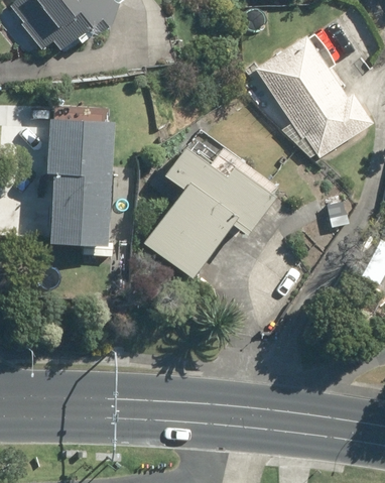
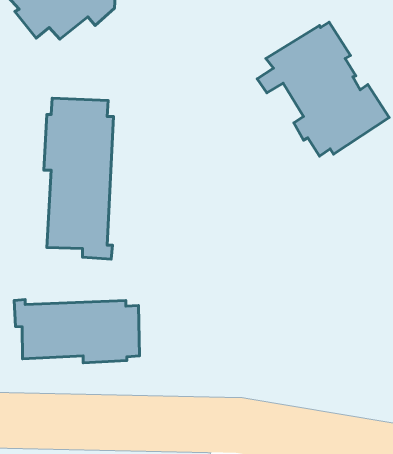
building: [144,129,277,279] -> none
building: none -> [14,300,139,363]

